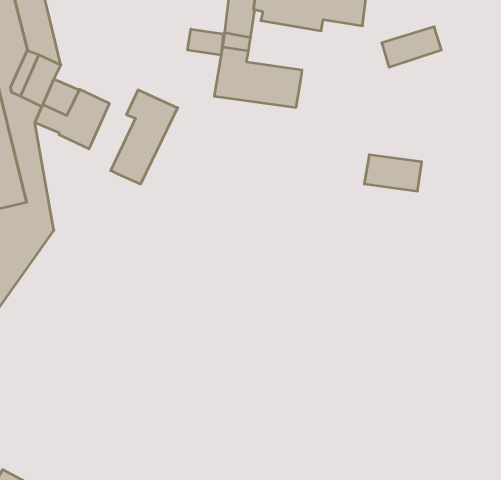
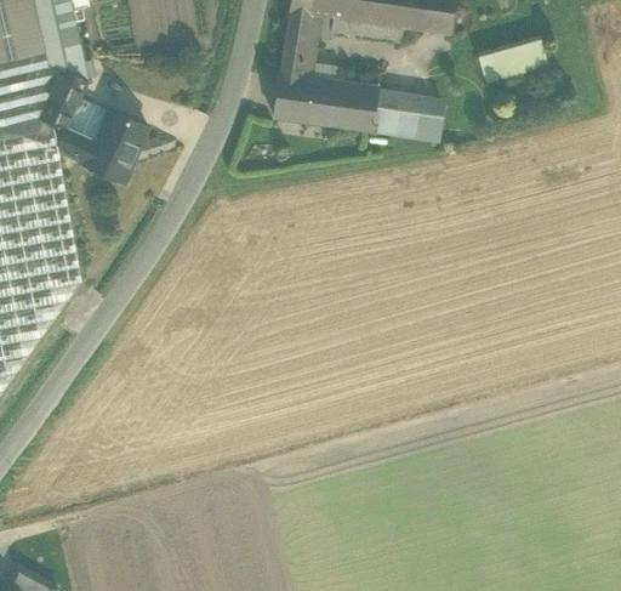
building: [188,29,223,55] -> none
building: [111,90,178,184] -> none
building: [364,155,422,191] -> [370,96,439,140]

